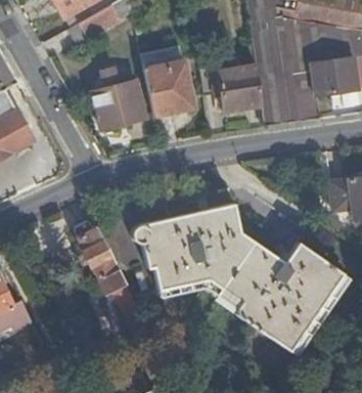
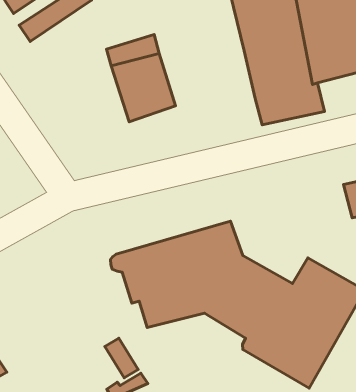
building: [199,62,263,115] -> none
building: [92,70,147,130] -> none
building: [76,225,125,292] -> none

